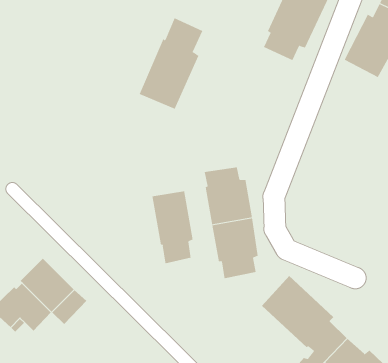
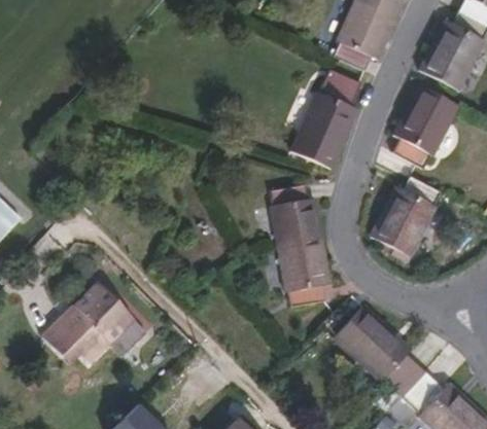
building: [139,17,203,109] -> [292,69,361,168]
building: none -> [386,90,455,170]
building: none -> [369,176,440,257]
building: [152,191,193,264] -> none

